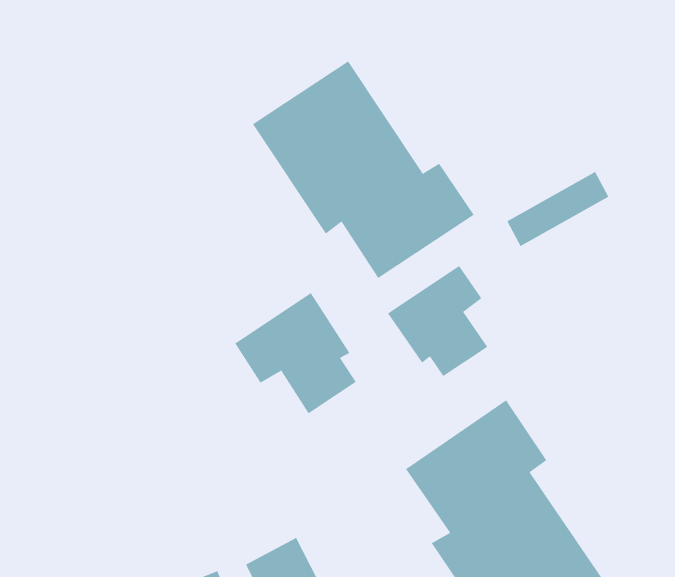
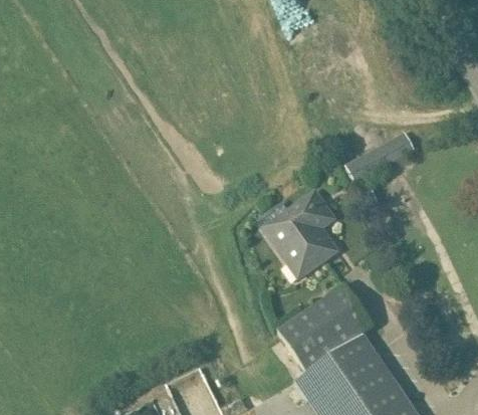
building: [252,60,474,279] -> none
building: [234,292,356,414] -> none

